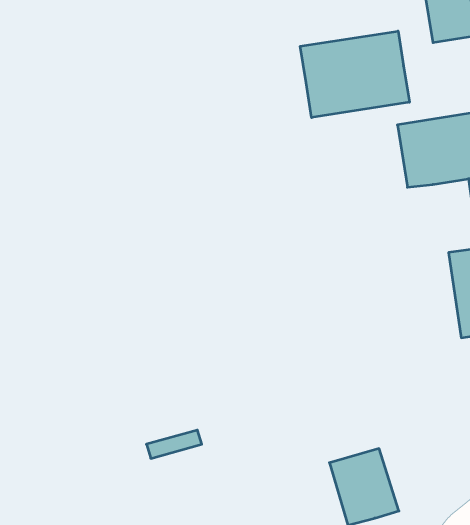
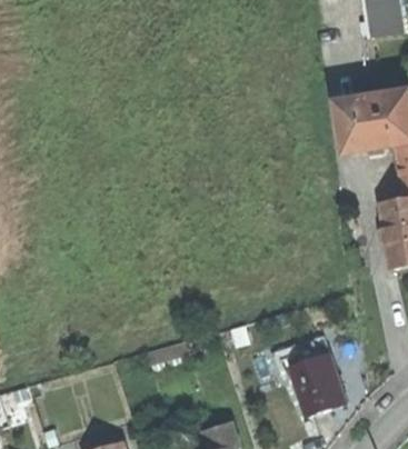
building: [300,31,409,118] -> none

